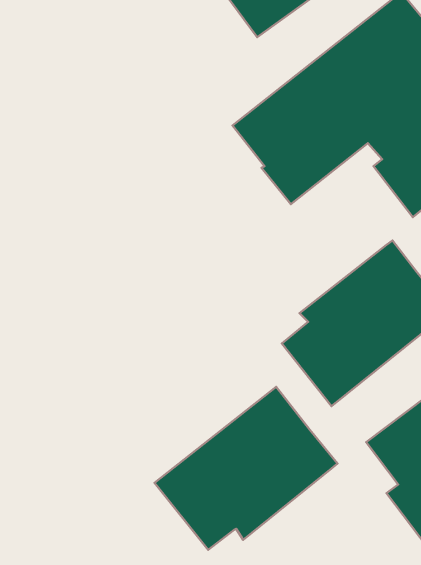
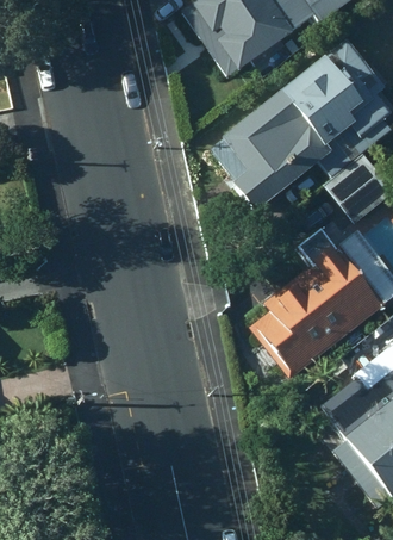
building: [155,387,337,550] -> none

